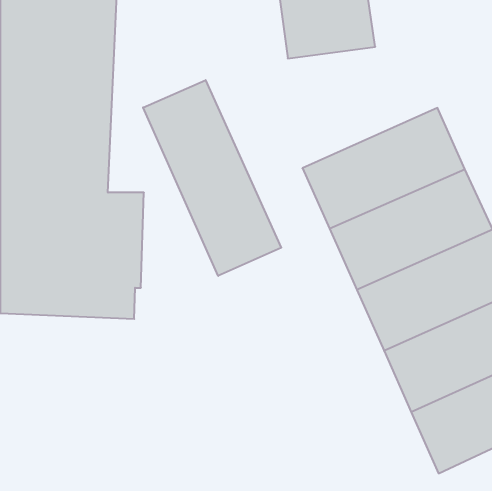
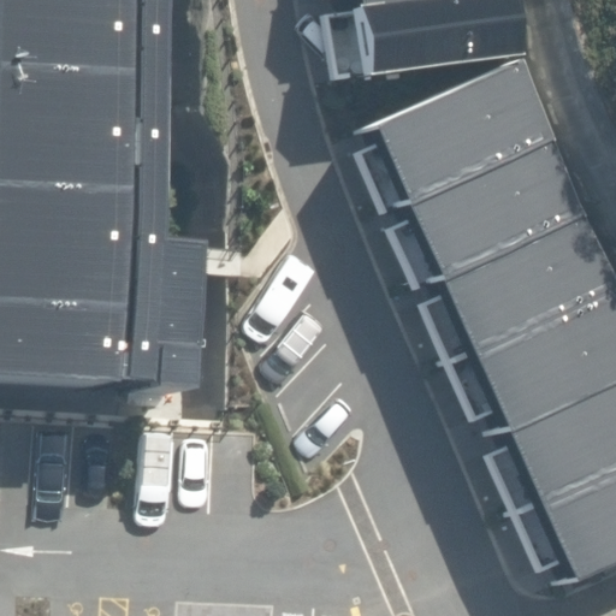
building: none -> [346,58,547,208]
building: [143,80,281,276] -> none

